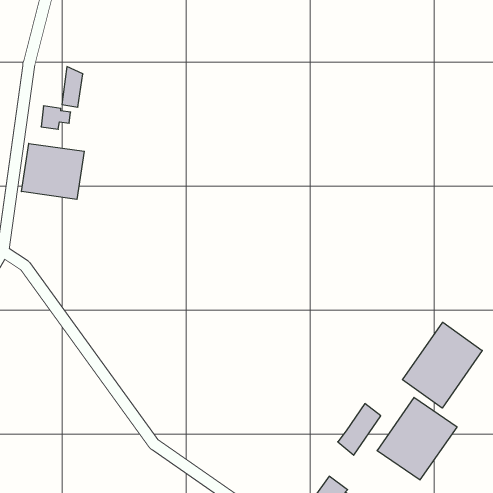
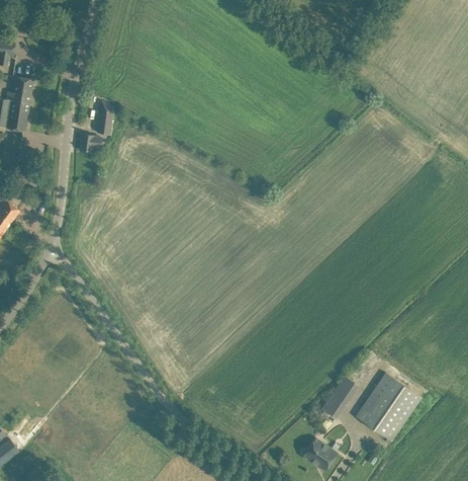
building: [21,143,84,199] -> none
building: [402,322,482,408] -> none

